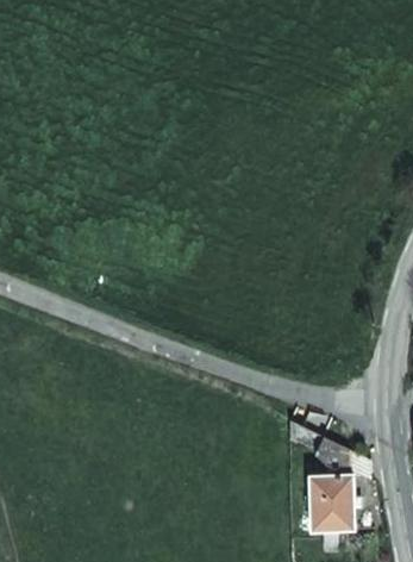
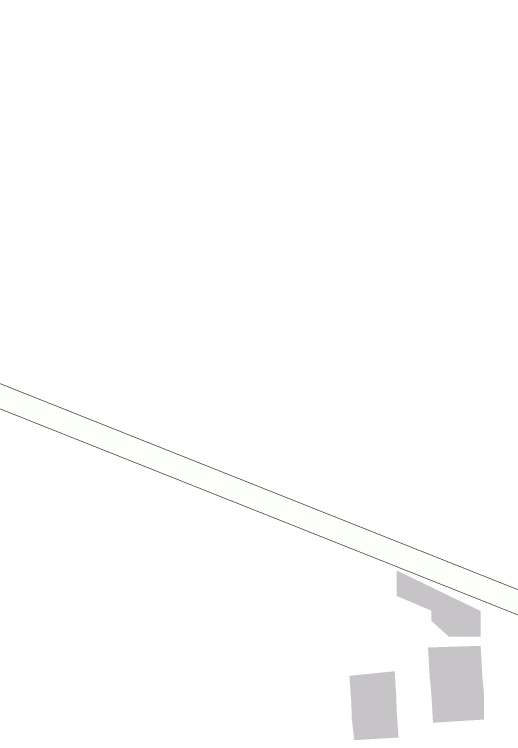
building: none -> [349,671,399,741]

